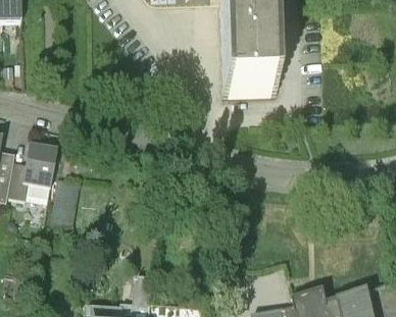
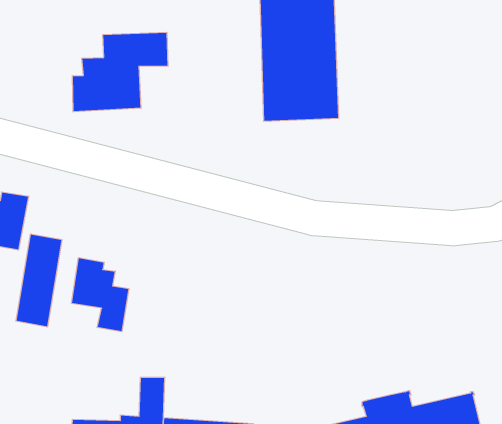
building: none -> [72,32,168,112]
building: none -> [72,258,129,332]

